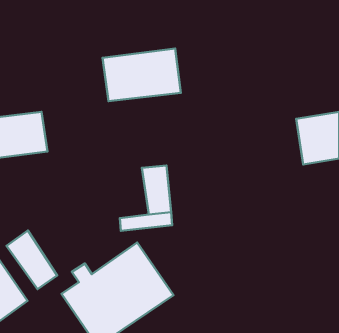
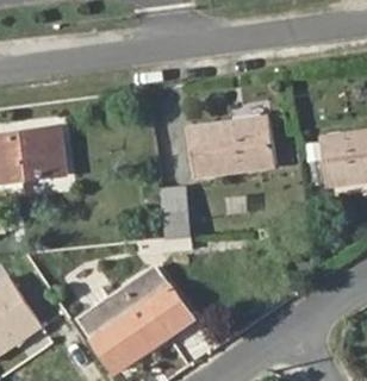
building: [103,49,181,101] -> [192,119,272,173]
building: [7,231,57,289] -> none

